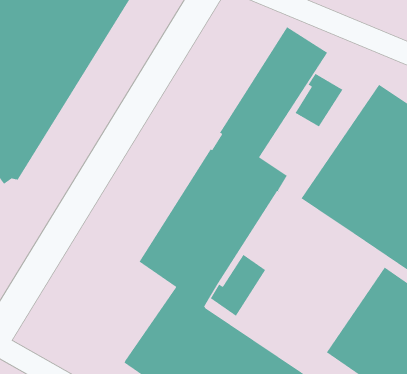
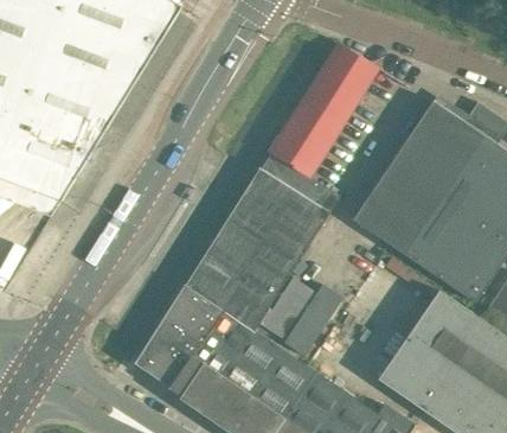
building: [294,73,343,128] -> none
building: none -> [134,284,223,387]
building: none -> [285,288,342,357]

